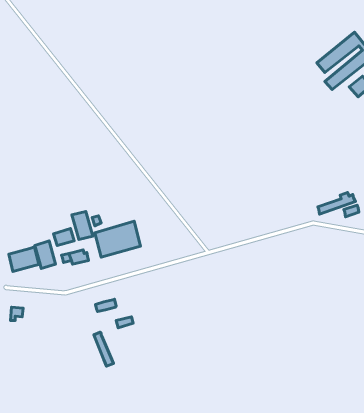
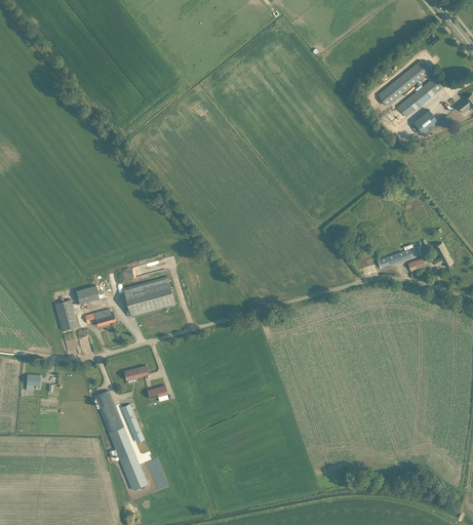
building: [72,212,93,239] -> none
building: [9,247,39,272] -> none
building: none -> [94,390,147,489]

